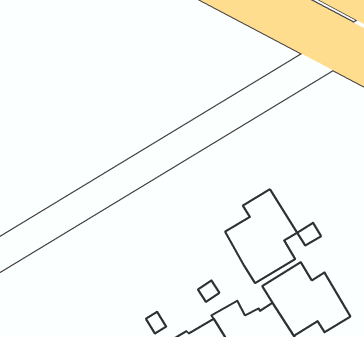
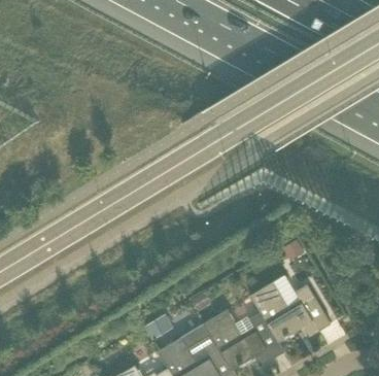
building: [225,189,297,283] -> none

